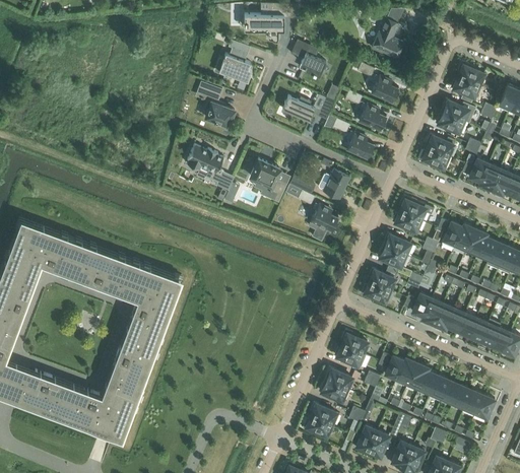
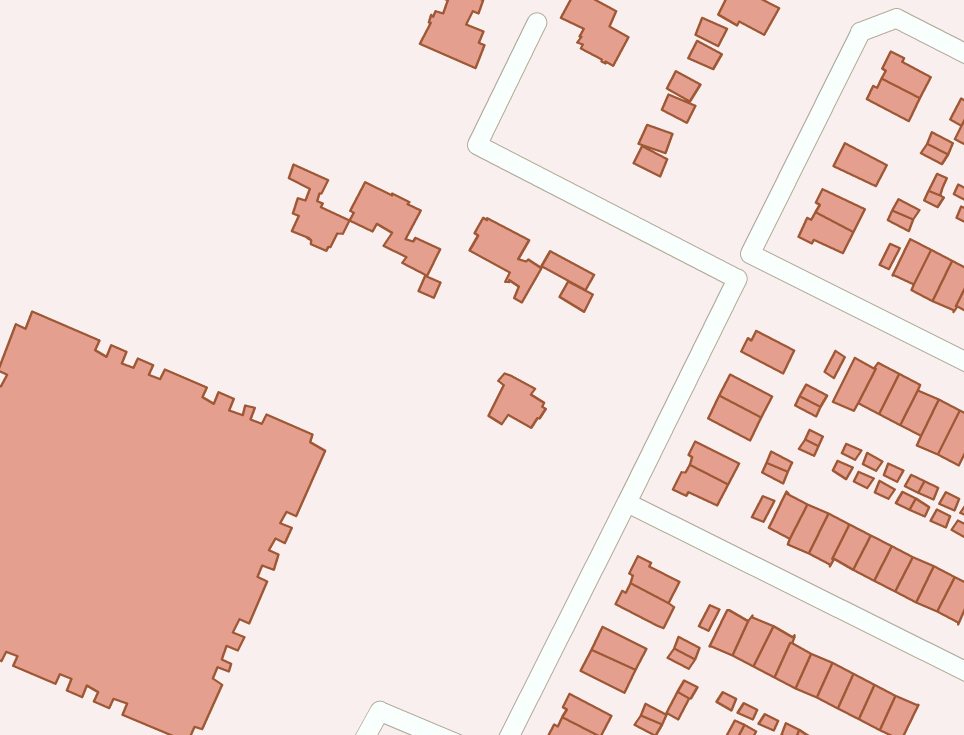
building: [372,76,398,104] -> none
building: [202,84,235,128] -> [289,165,349,251]
building: [282,96,334,123] -> none
building: [441,100,475,124] -> none
building: [359,105,387,132] -> none
building: [346,133,374,159] -> none
building: [319,171,349,200] -> none
building: [400,197,434,220] -> none
building: [309,205,338,232] -> [489,373,546,428]

